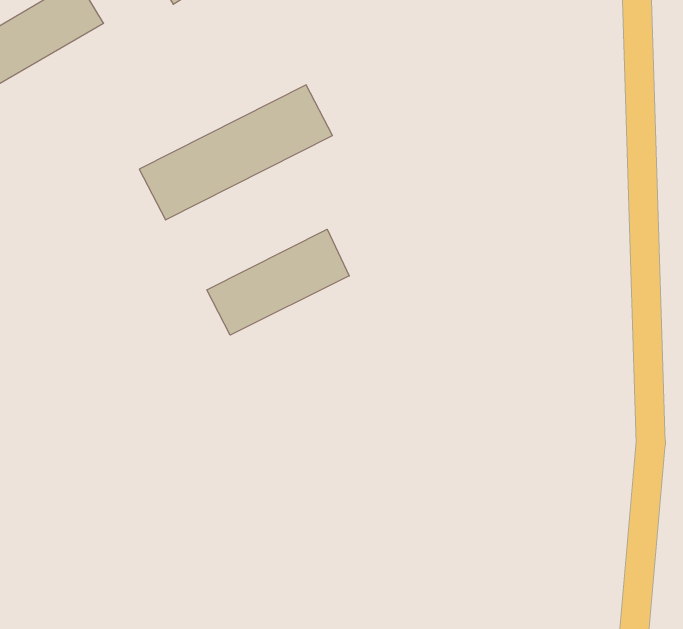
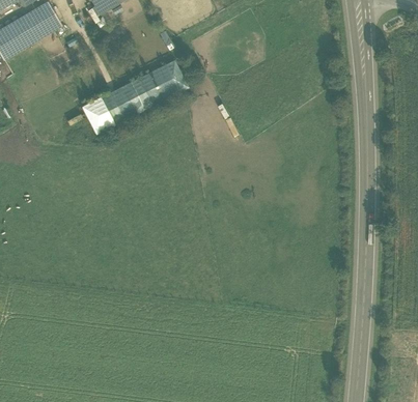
building: [207,229,349,335] -> none

